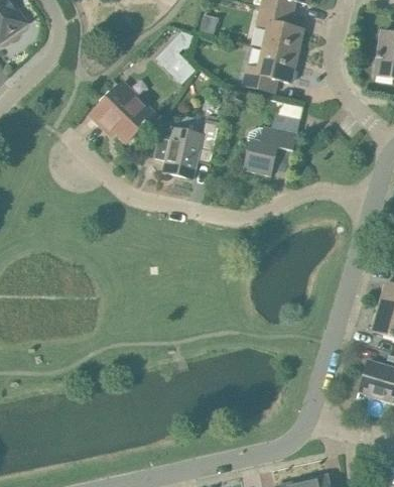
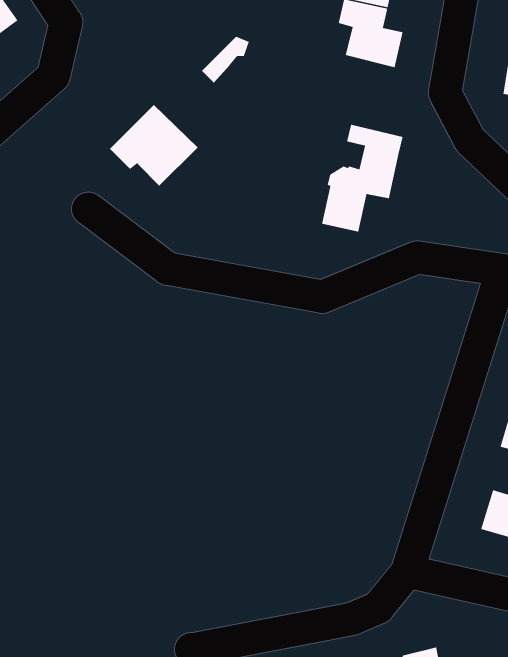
building: [242,47,297,92] -> none
building: [154,119,220,178] -> none

